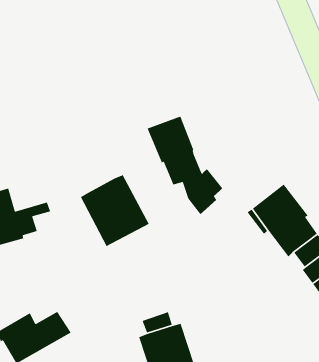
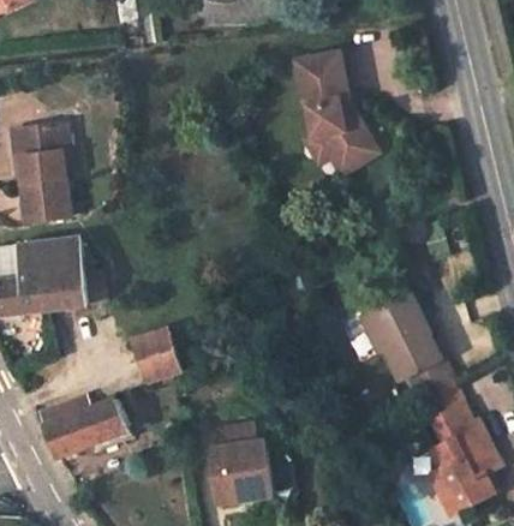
building: [147,116,223,215] -> [291,50,372,177]
building: [80,174,150,247] -> none
building: none -> [135,331,180,378]

